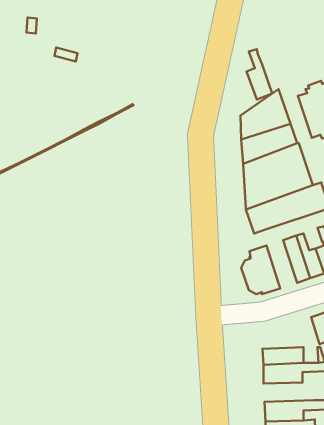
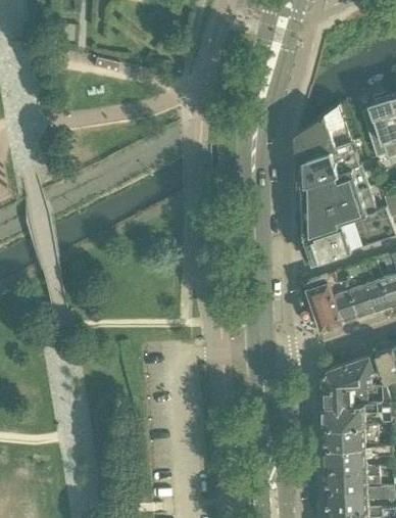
building: [246,49,272,100] -> none
building: none -> [327,276,360,326]
building: none -> [323,360,376,392]
building: none -> [324,428,379,451]

